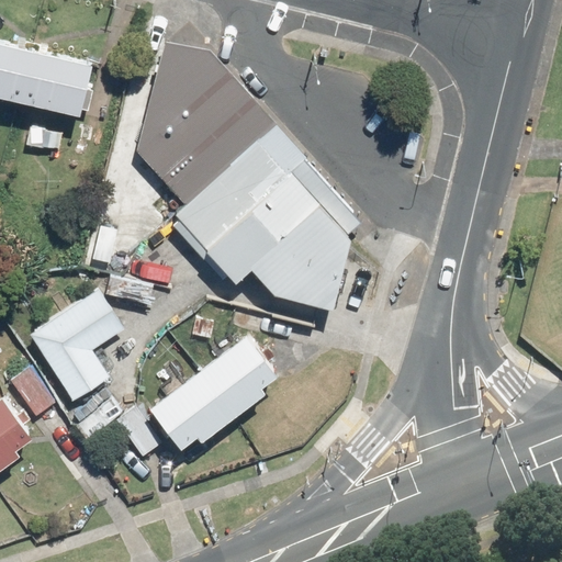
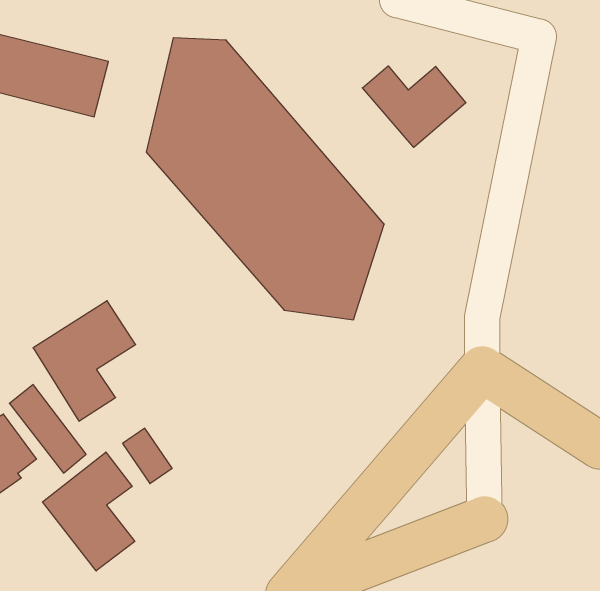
building: none -> [362,66,466,147]
building: [149,333,277,449] -> none
building: none -> [42,452,135,571]

